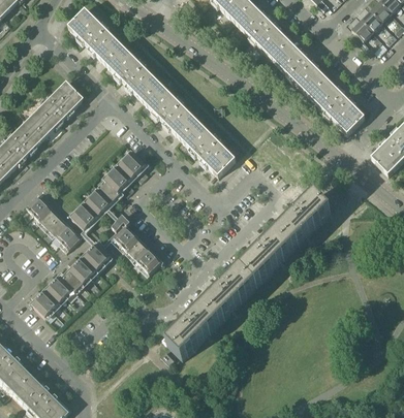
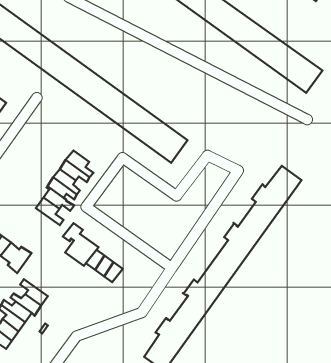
building: [72,196,112,229] -> none
building: [72,243,112,276] -> none

